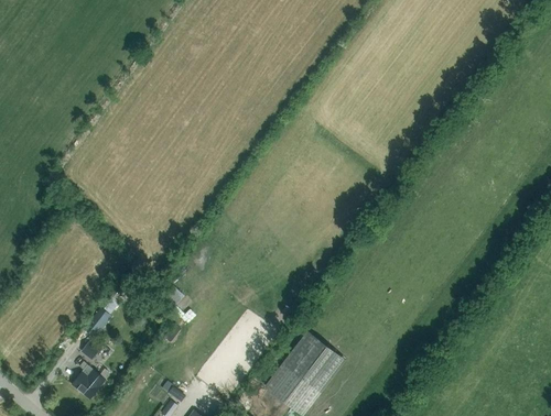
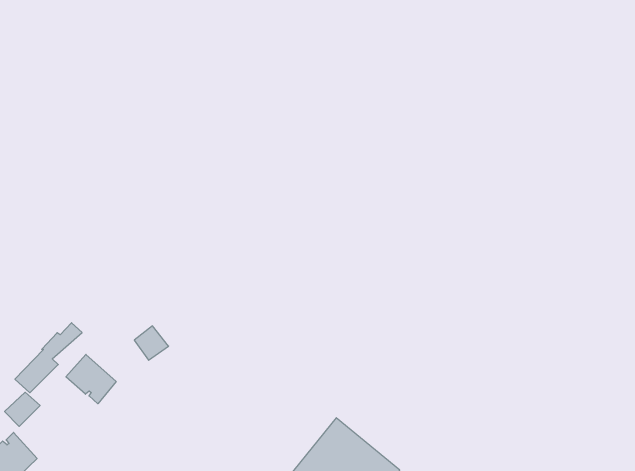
building: none -> [66,354,116,404]

